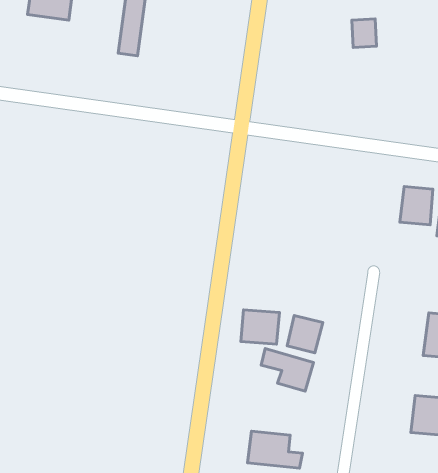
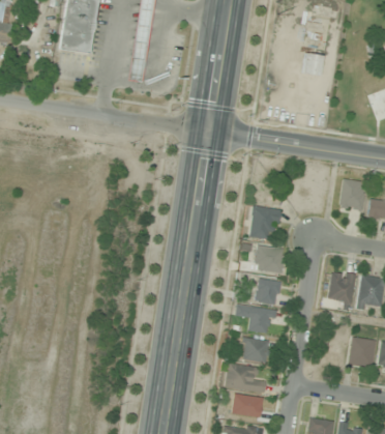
building: none -> [251,208,277,238]
building: none -> [329,272,355,303]
building: [241,310,279,344] -> [256,247,285,272]
building: none -> [238,338,270,363]

